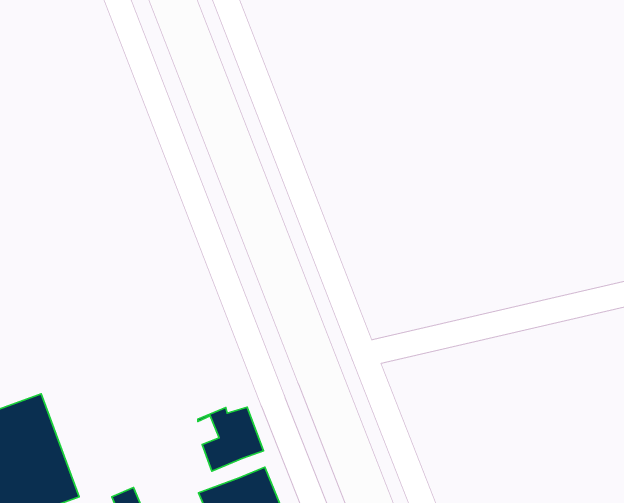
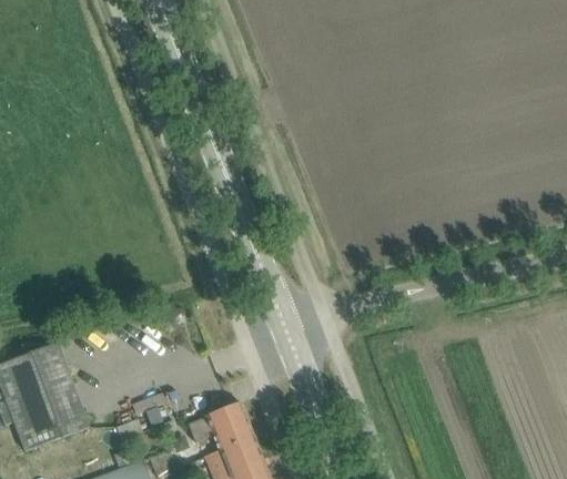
building: [198,407,264,471] -> none

